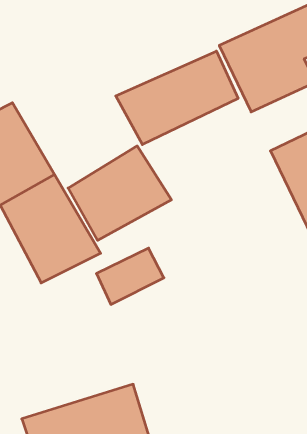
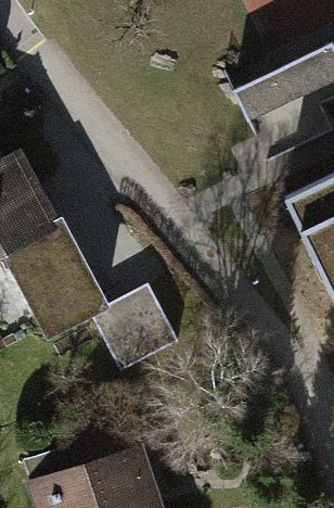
building: [116,51,238,145] -> none
building: [68,146,171,240] -> none

